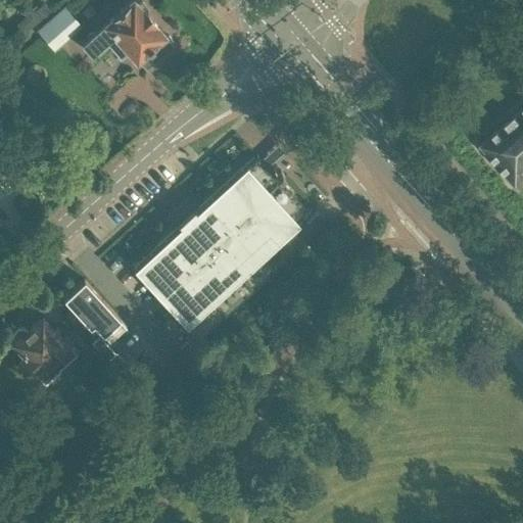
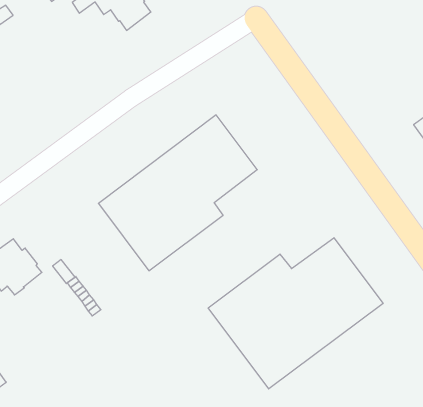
building: [66,283,118,337] -> none
building: none -> [208,238,383,389]

